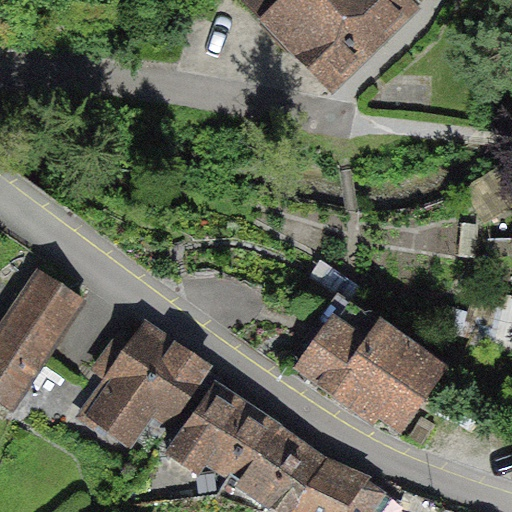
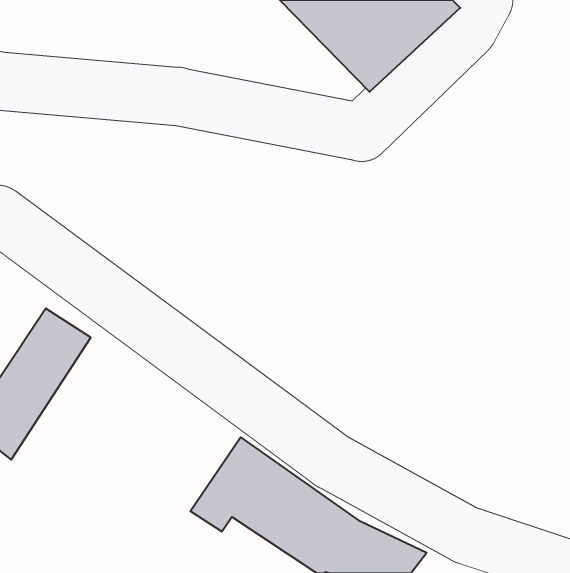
building: [301,324,441,428] -> none
building: [92,328,206,444] -> none

